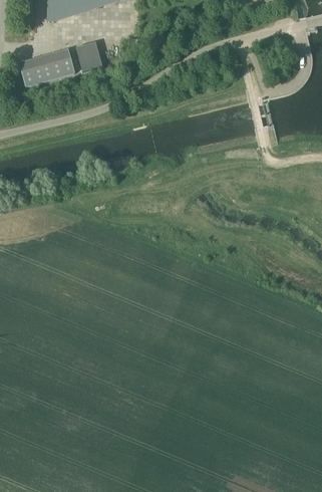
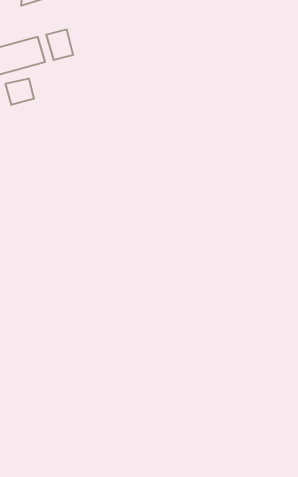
building: none -> [6,78,34,105]

